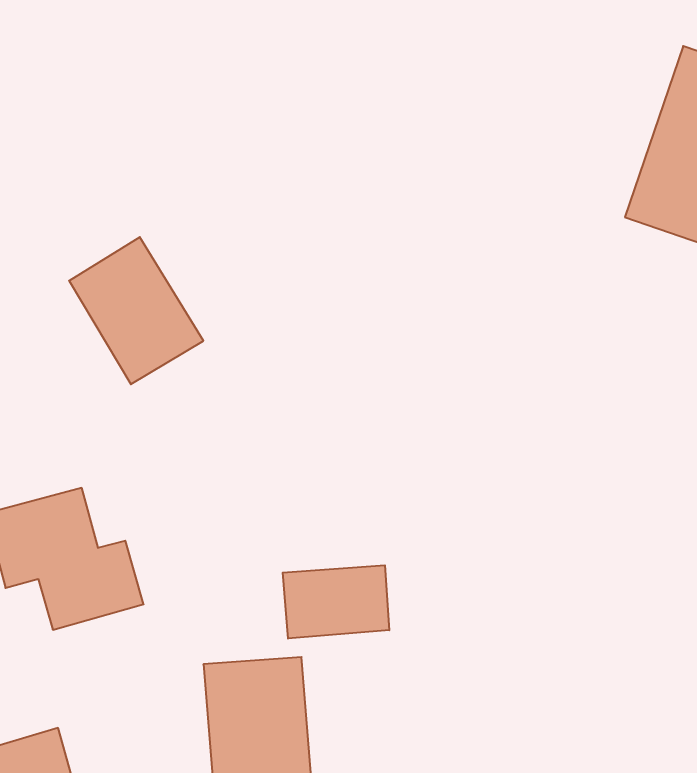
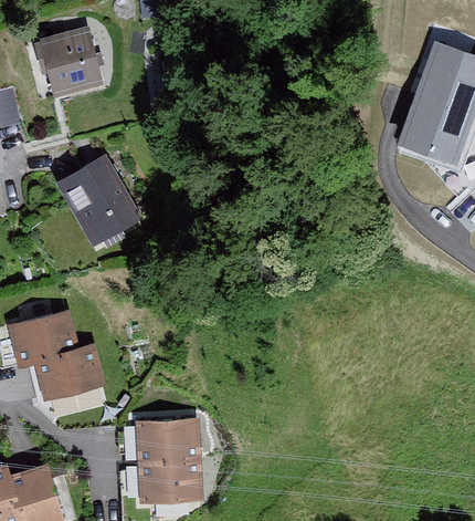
building: none -> [34,23,108,102]
building: [283,565,389,639] -> none

